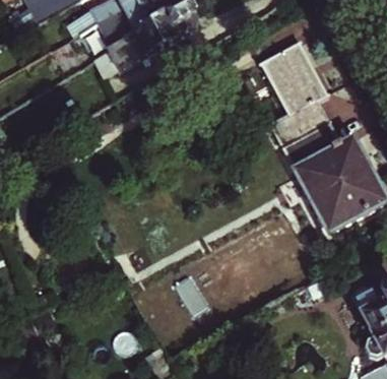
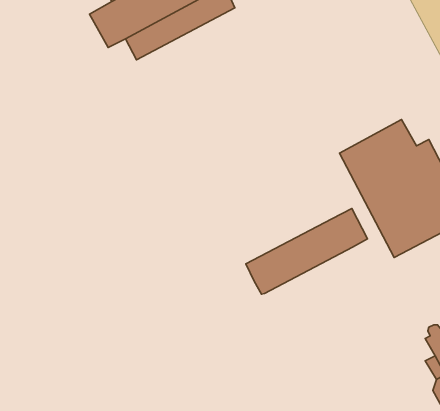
building: [243,35,336,146] -> none
building: none -> [246,208,368,294]

